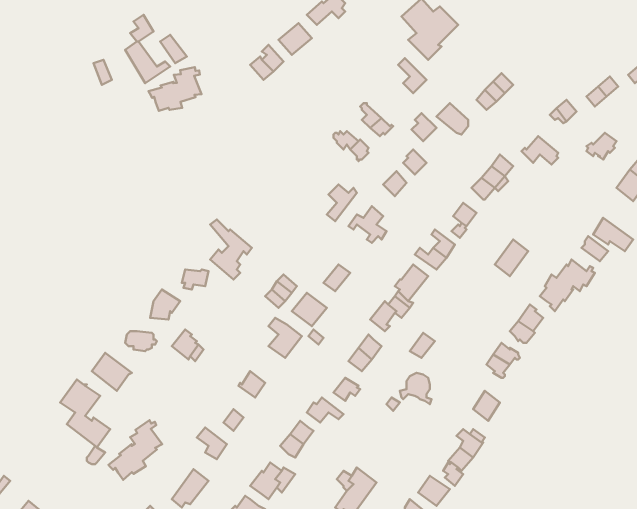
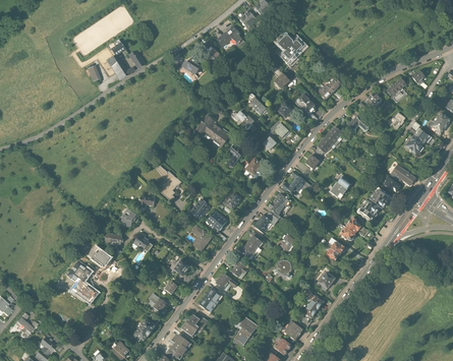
building: [149,67,201,111] -> none
building: none -> [196,115,231,147]
building: [108,420,162,480] -> none

